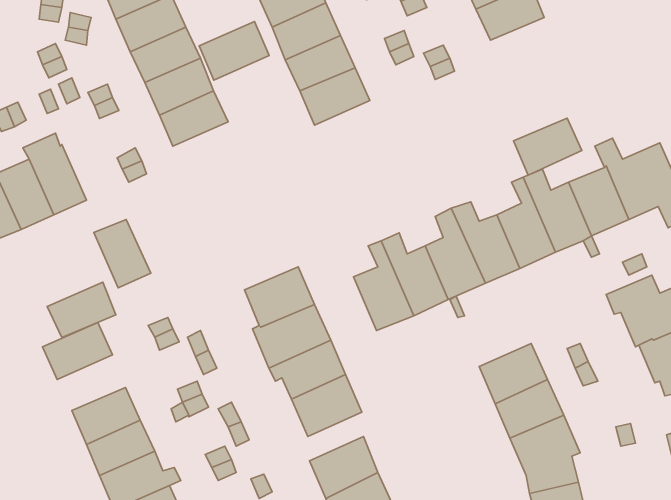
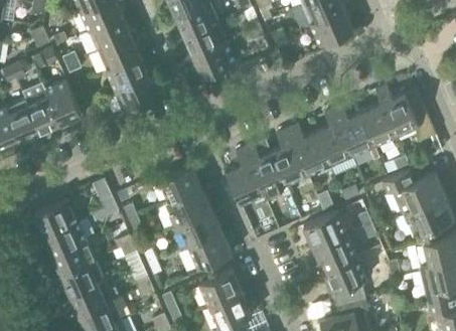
building: [199,21,269,80] -> [115,75,158,112]
building: [513,118,582,175] -> [311,11,353,46]
building: [94,219,151,288] -> [46,81,82,124]
building: [47,282,116,338] -> [43,219,86,254]

